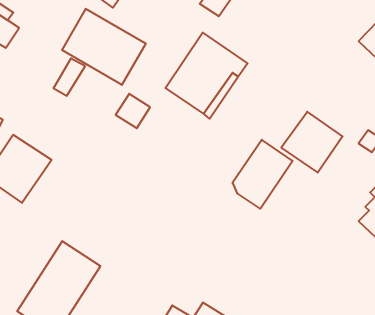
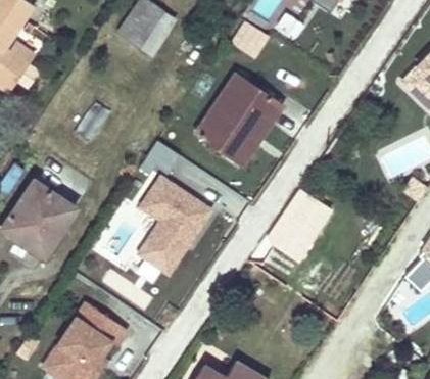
building: [62,9,146,85] -> none
building: [281,112,343,173] -> none
building: none -> [138,175,216,276]

